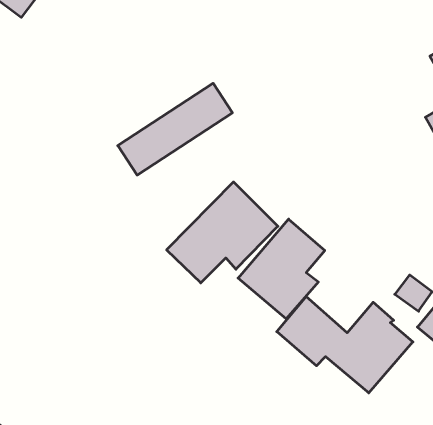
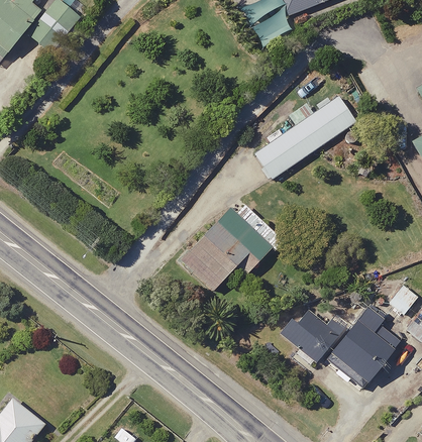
building: [118,83,232,175] -> [255,97,357,179]
building: [238,219,325,319] -> none

